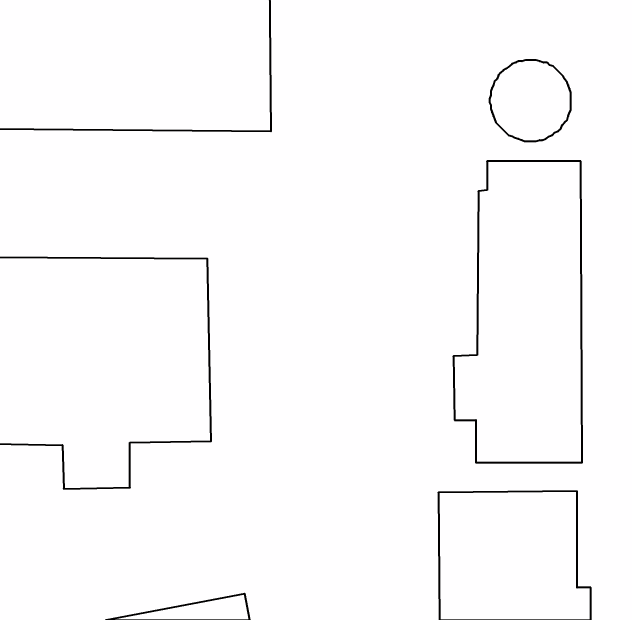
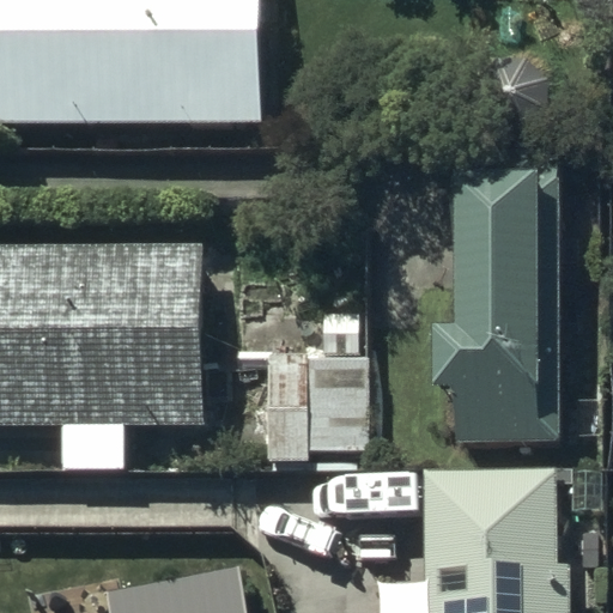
building: none -> [267,301,366,461]

